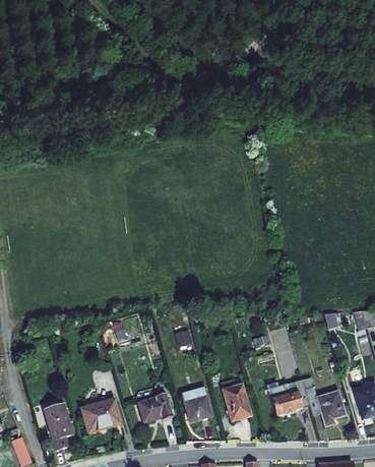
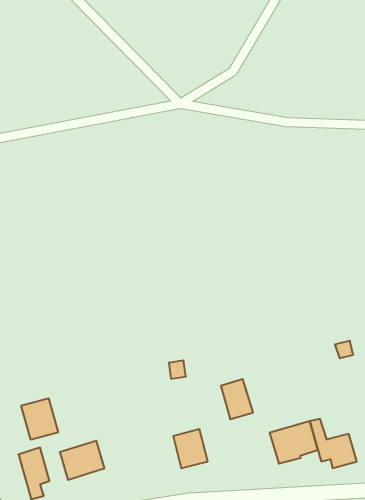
building: none -> [21,398,58,440]
building: [221,387,249,422] -> [221,379,253,419]
building: [139,392,174,422] -> none

